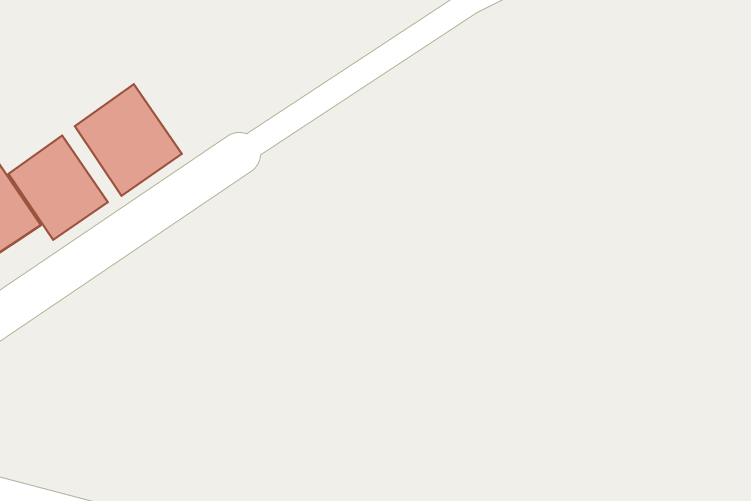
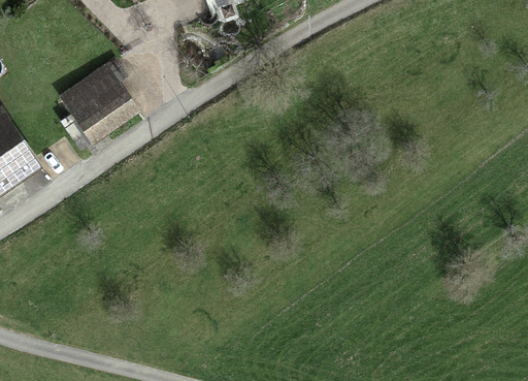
building: [9,135,108,240] -> none

